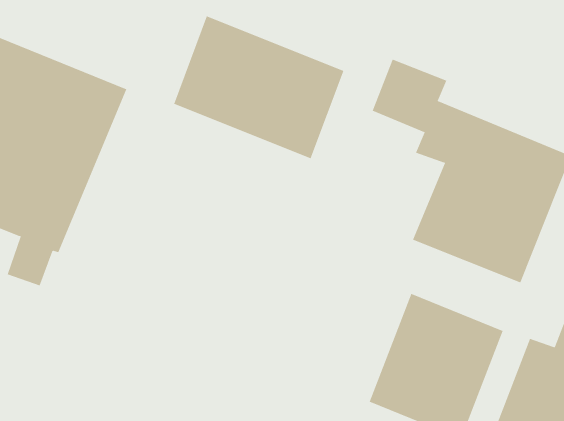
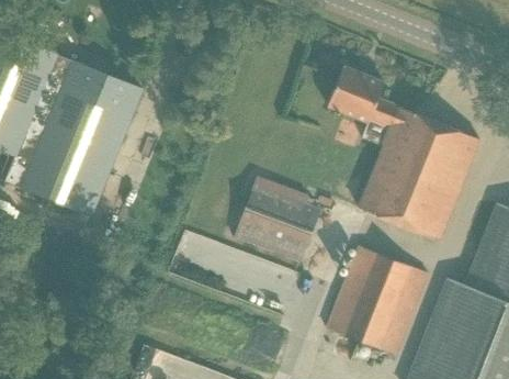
building: [173,15,344,159] -> none
building: none -> [234,175,321,263]

